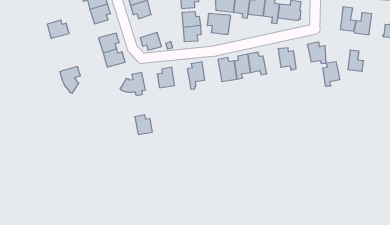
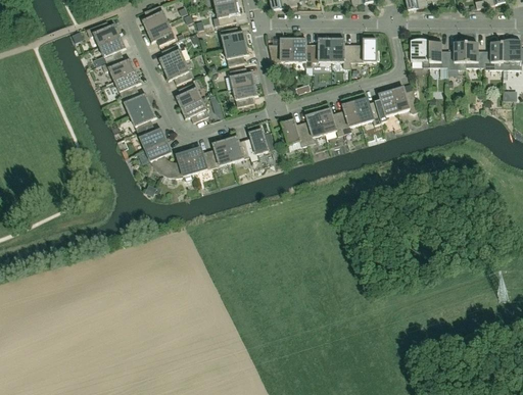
building: none -> [410,38,429,66]
building: [207,13,230,34] -> none
building: none -> [176,82,201,107]
building: [47,20,69,39] -> [122,90,150,114]
building: none -> [337,100,361,133]
building: [348,50,364,71] -> [466,42,484,66]
building: [322,62,340,86] -> [374,90,397,121]
building: none -> [225,136,249,161]
building: [60,67,80,93] -> [144,140,171,174]
building: [135,115,152,134] -> [188,146,212,171]

